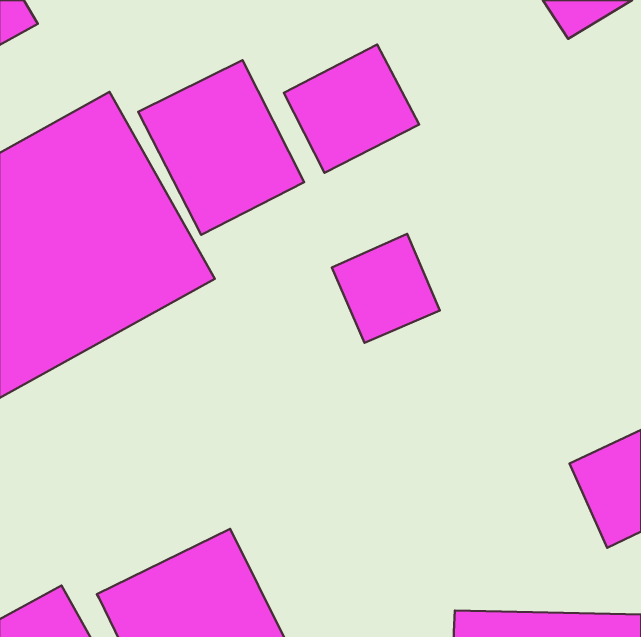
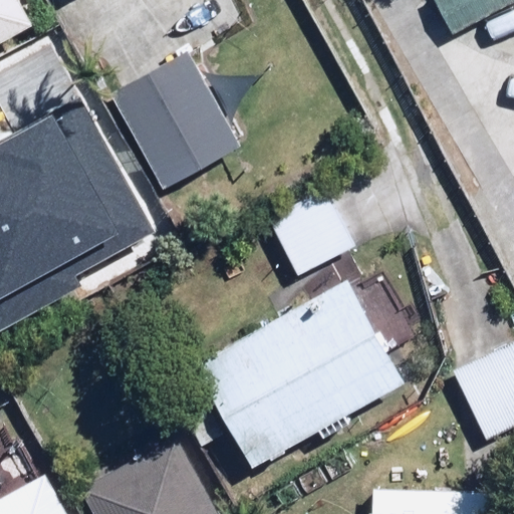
building: [284,45,419,173] -> none
building: none -> [194,278,402,468]

